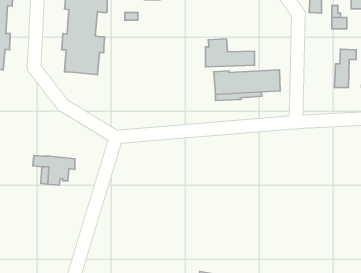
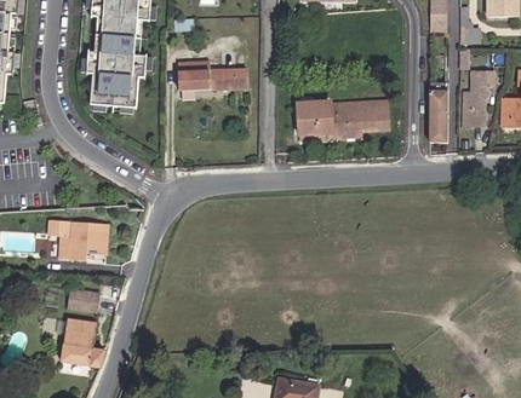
building: [206,39,255,67] -> [179,51,247,90]
building: none -> [428,87,446,139]
building: none -> [68,287,99,312]
building: none -> [61,317,103,367]

